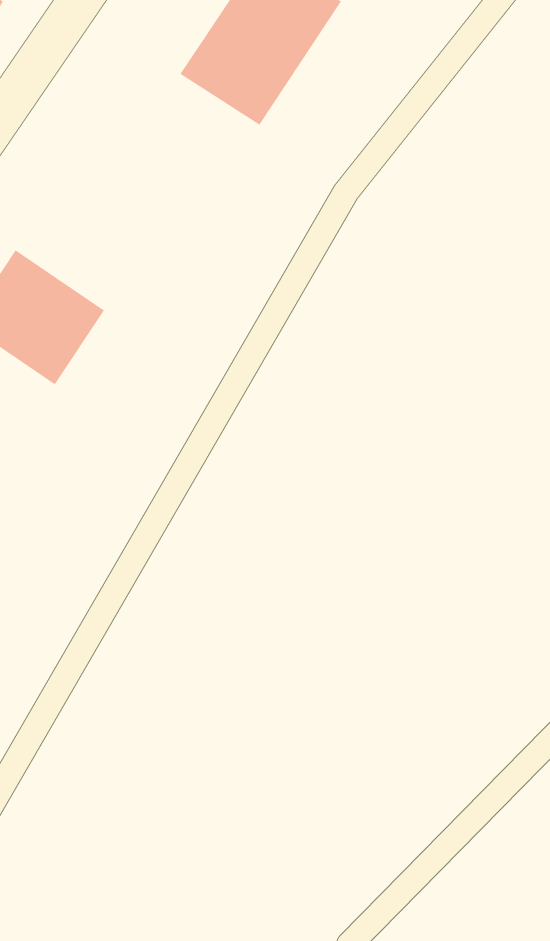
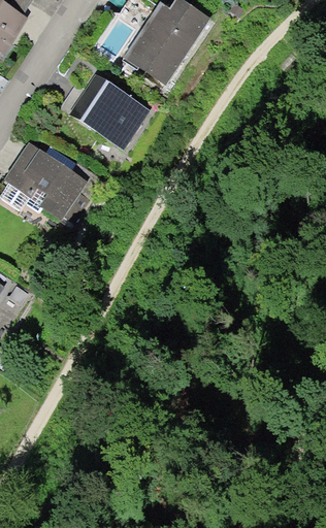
building: none -> [75,82,142,144]

